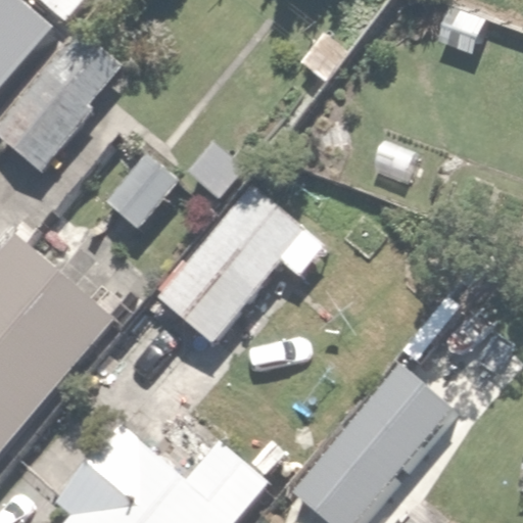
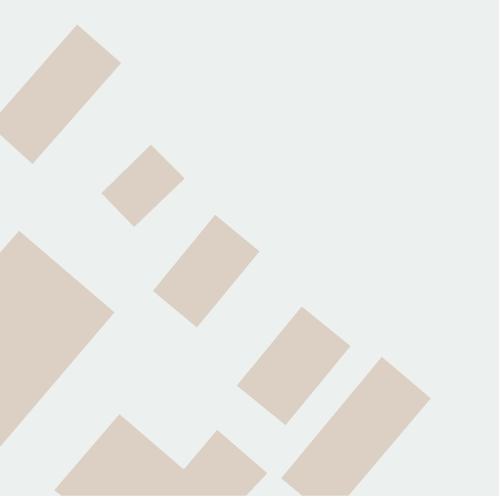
building: none -> [236,305,352,426]

